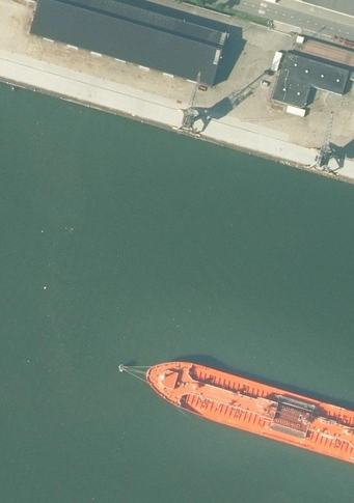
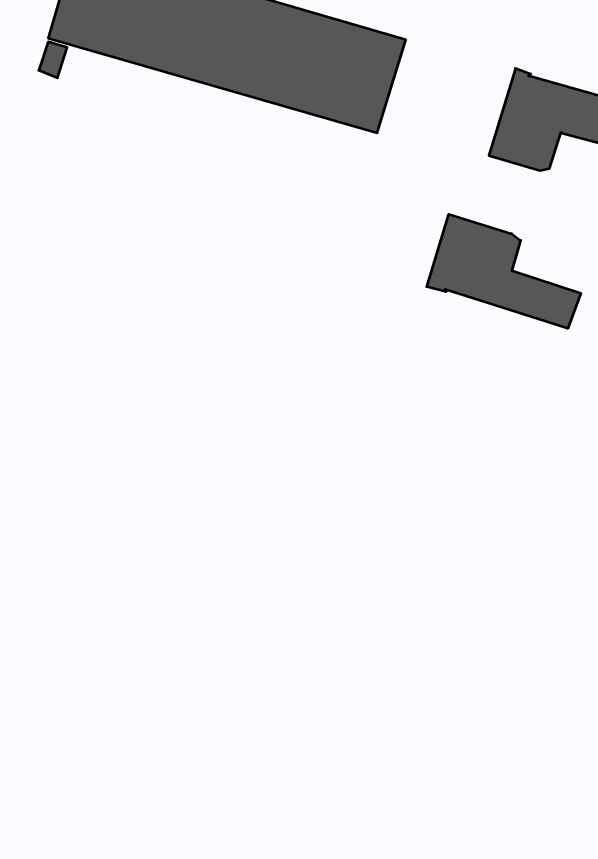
building: none -> [427,214,581,328]

